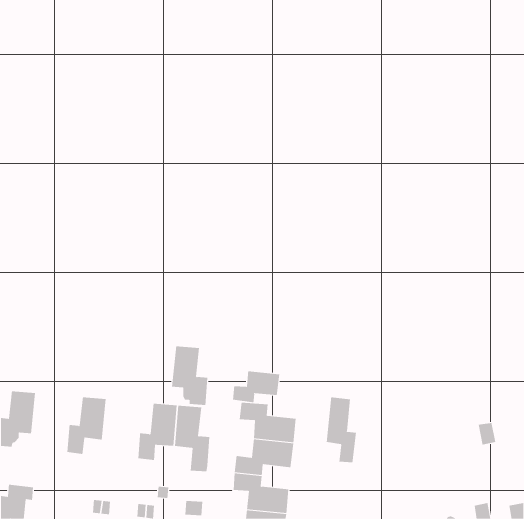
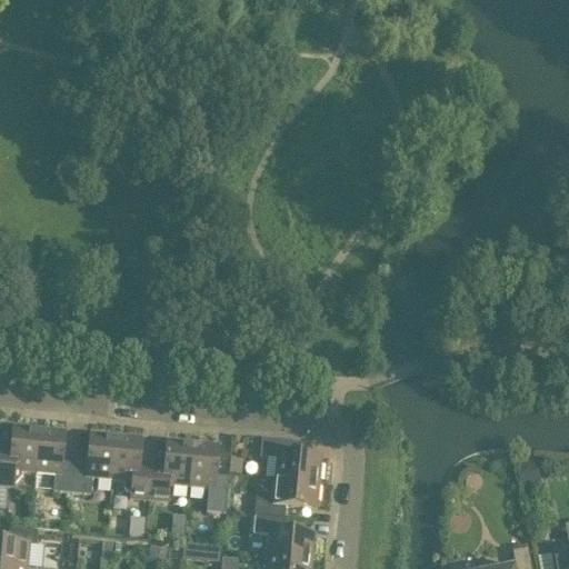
building: [171,346,208,405] -> [111,432,151,497]
building: [233,371,280,403] -> none
building: none -> [34,426,74,490]
building: [326,396,356,463] -> none

